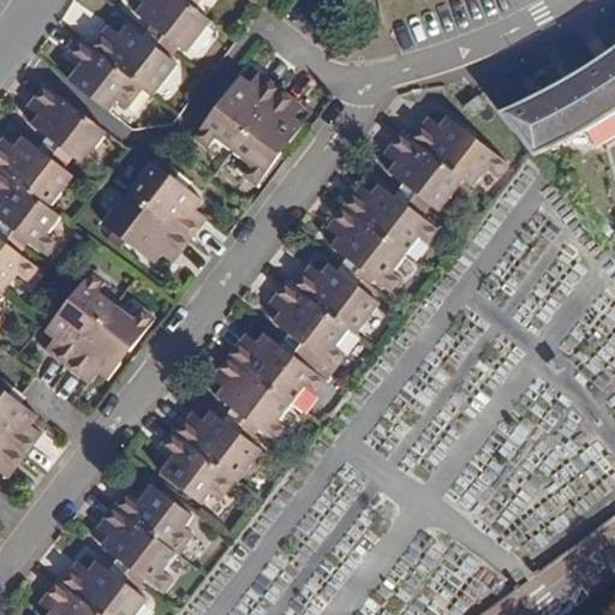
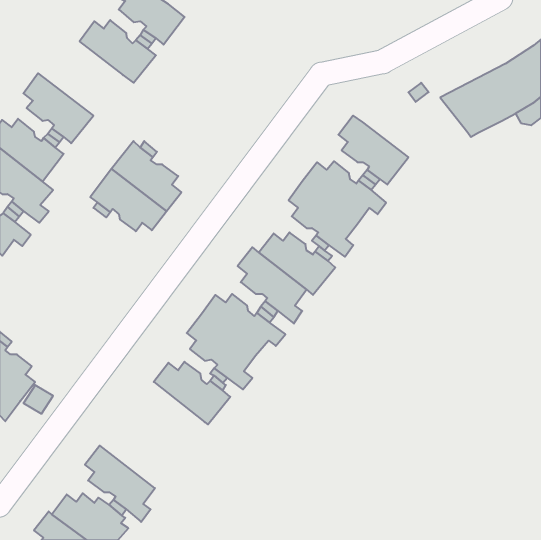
building: [66,37,139,111] -> none
building: [195,72,303,184] -> none
building: [411,115,506,186] -> none
building: [44,270,154,382] -> none
building: [159,430,232,503] -> none
building: [113,483,191,553] -> none

